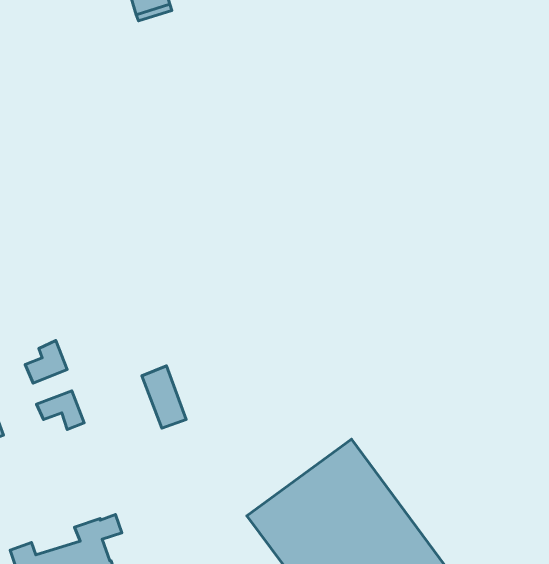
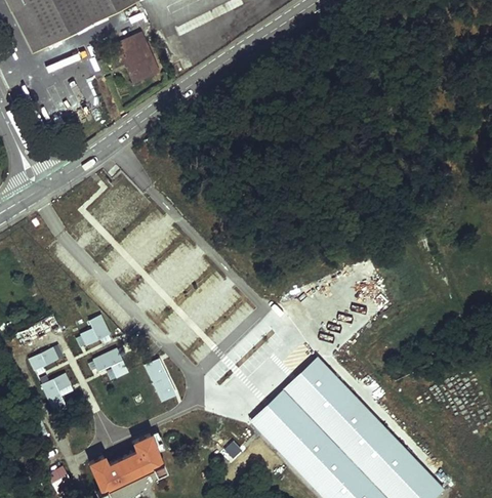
building: [142,366,186,428] -> [144,357,178,401]

